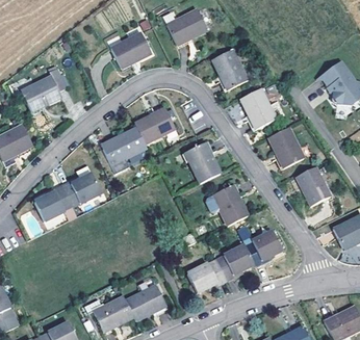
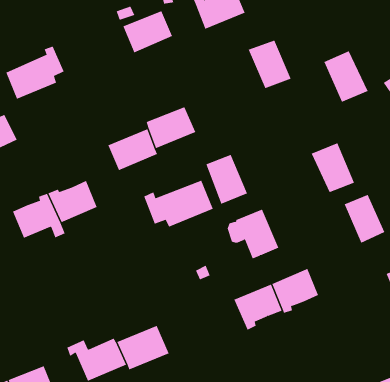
building: [240,87,278,129] -> [324,51,369,102]
building: none -> [144,180,213,227]
building: [187,258,228,293] -> none

